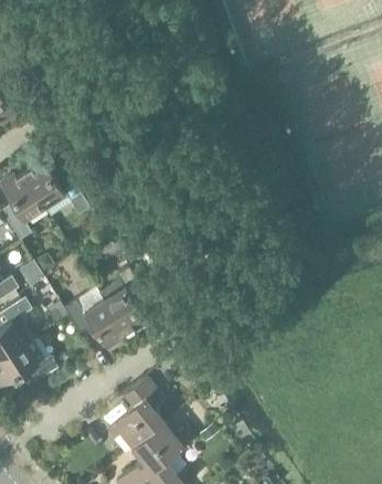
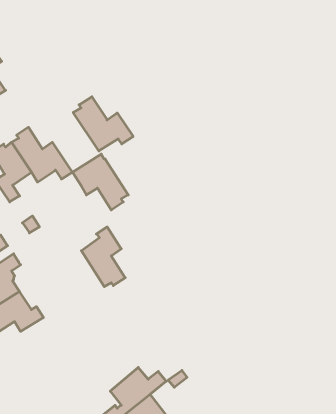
building: none -> [73,97,133,151]
building: [63,287,125,349] -> [72,154,128,210]
building: [106,377,163,449] -> none

